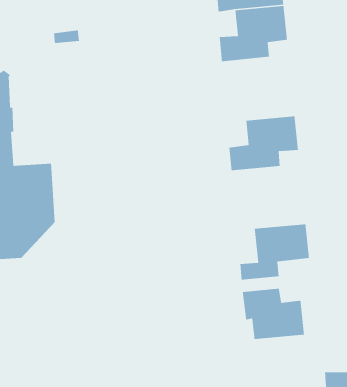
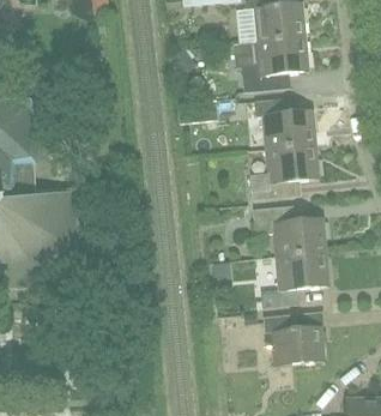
building: none -> [254,96,315,149]
building: none -> [253,204,326,255]

